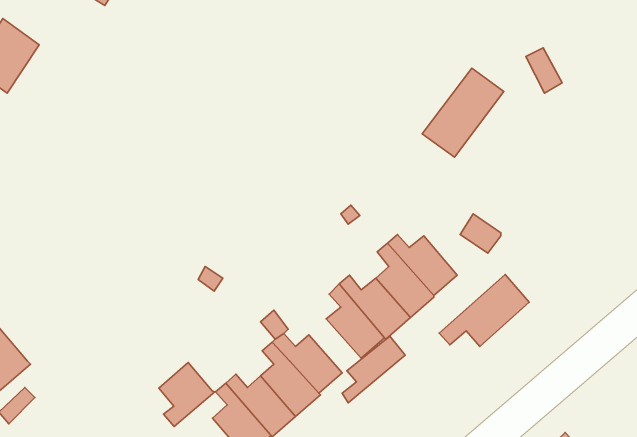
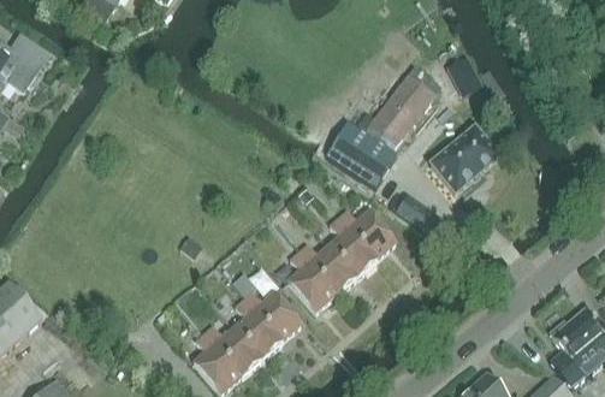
building: none -> [326,124,396,186]
building: none -> [427,124,502,196]
building: [439,274,529,346] -> none
building: [342,336,405,403] -> none
building: [159,363,215,426] -> none

